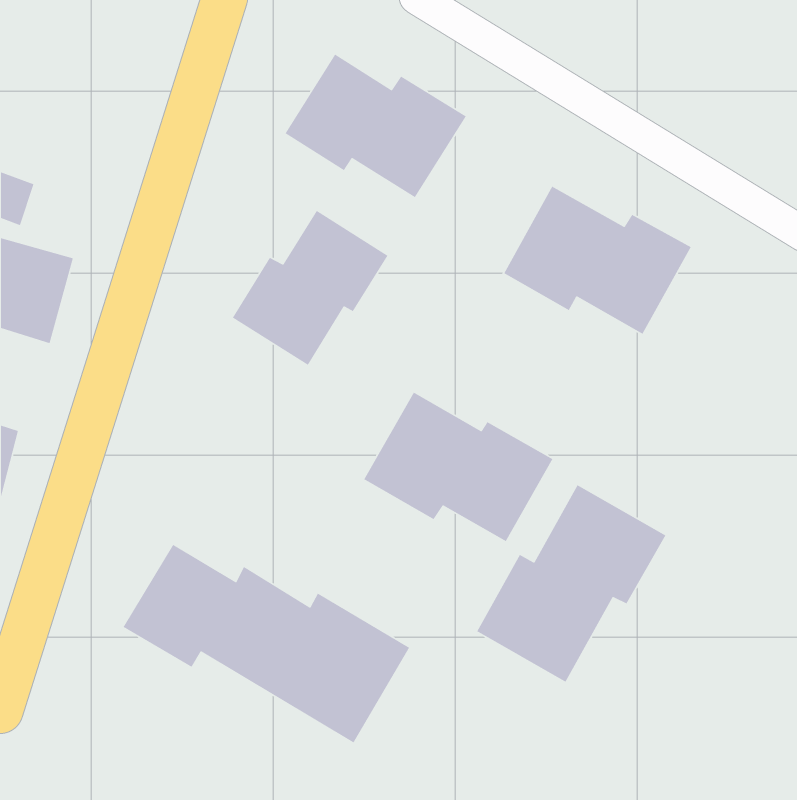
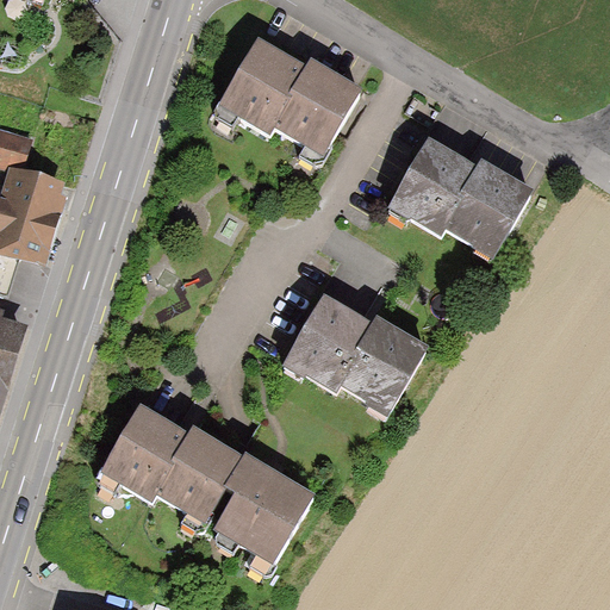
building: [232,210,389,366] -> none
building: [476,484,667,683] -> none

